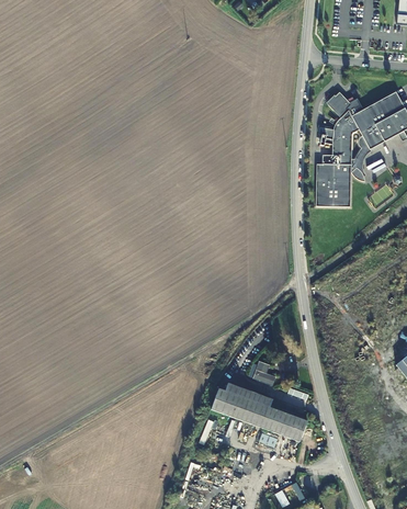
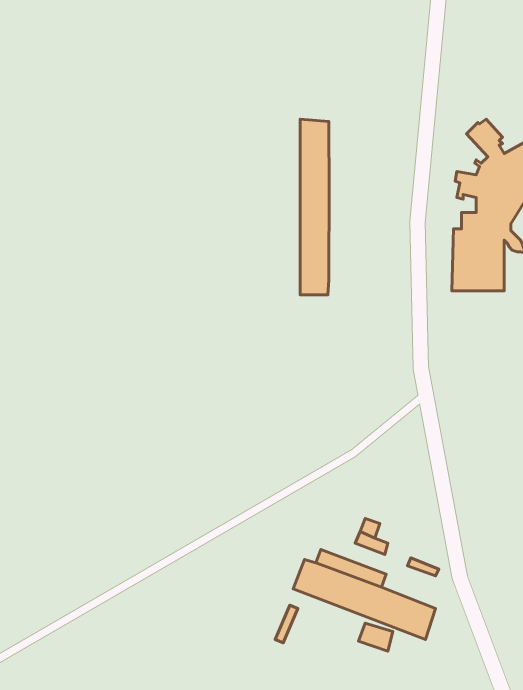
building: none -> [300,119,329,295]

